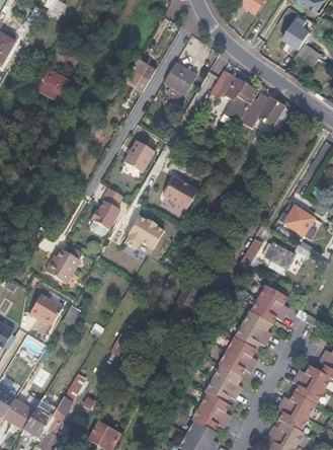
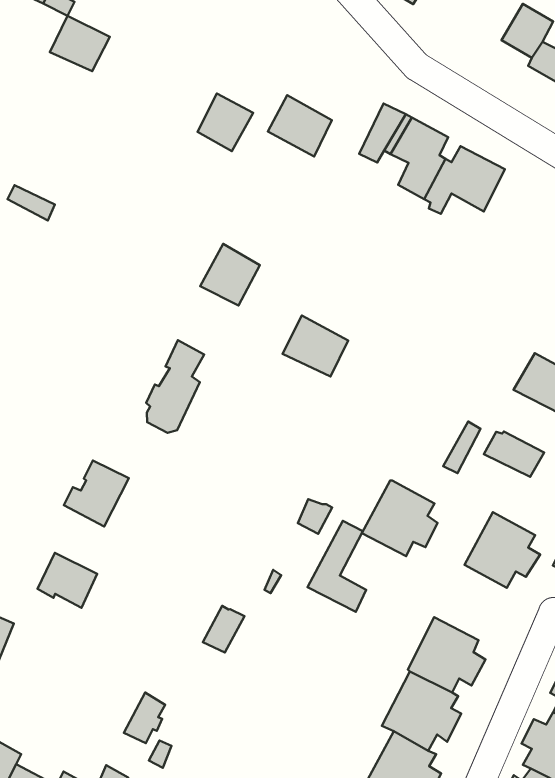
building: [36,73,68,102] -> [50,16,110,71]
building: [126,218,164,250] -> none
building: [233,311,272,351] -> [362,481,438,556]

